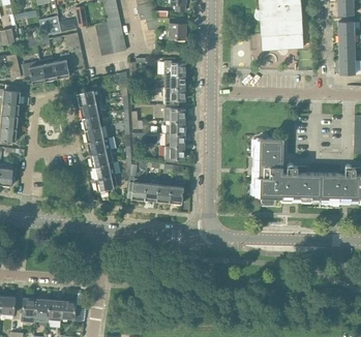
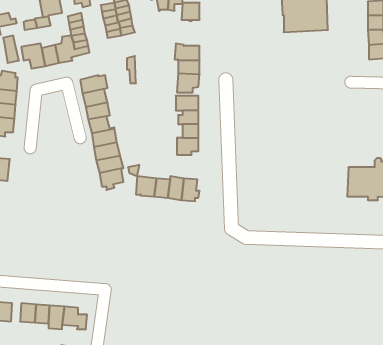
building: [255,139,322,203] -> none

